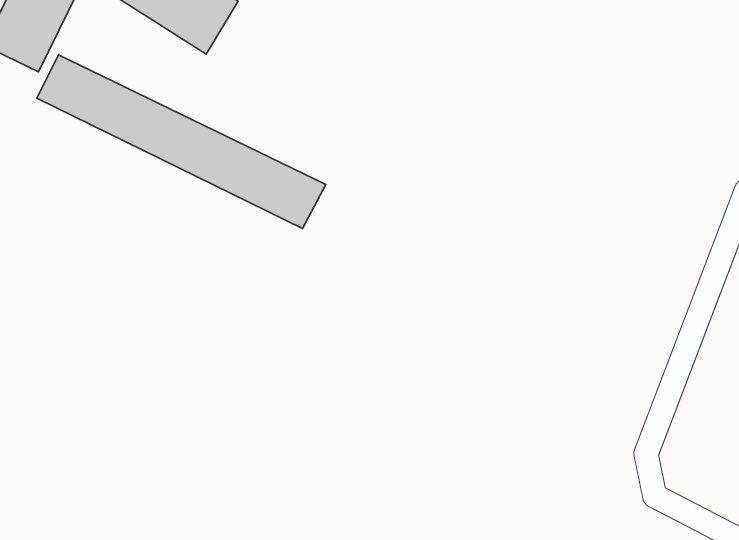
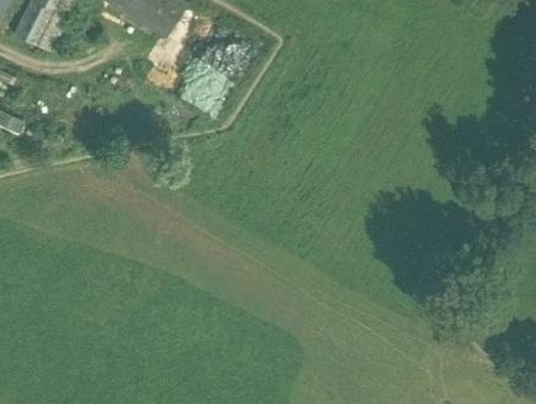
building: [37,55,326,228] -> none

